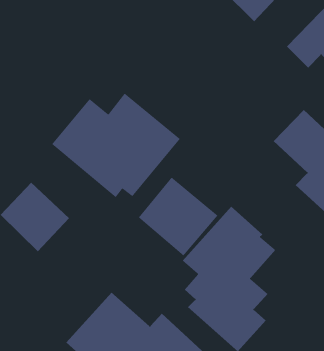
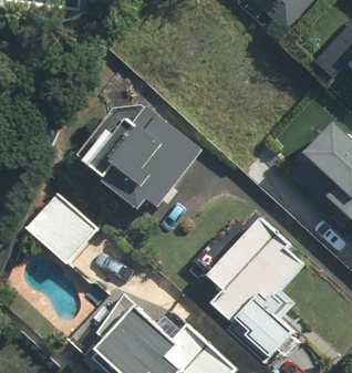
building: [138,177,219,257] -> none

